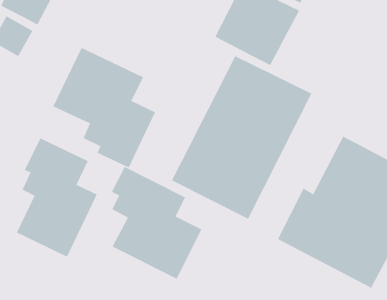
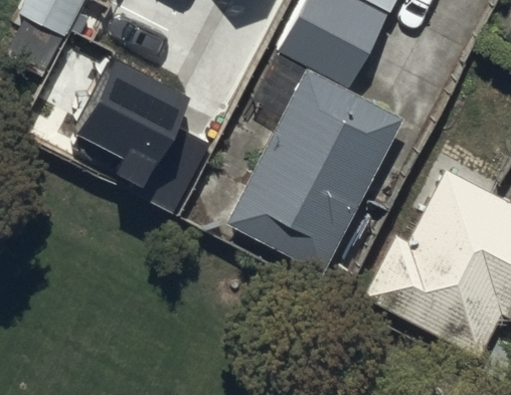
building: [16,138,98,257] -> none
building: [111,166,202,279] -> none

